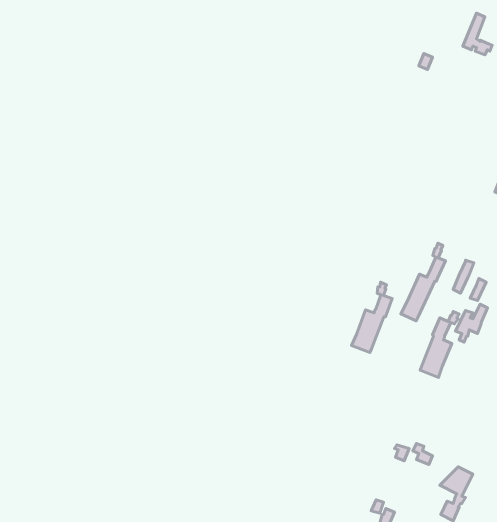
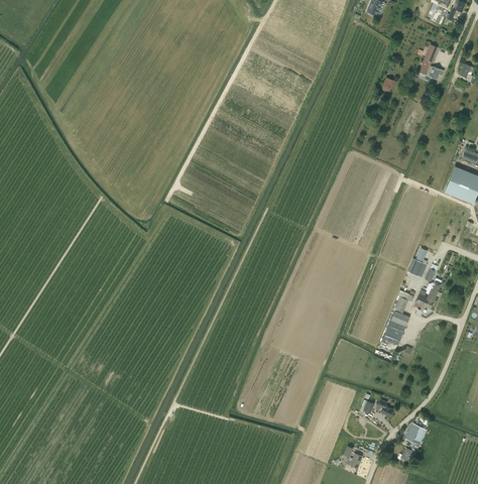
building: [401,243,445,321] -> none
building: [351,282,392,352] -> none

